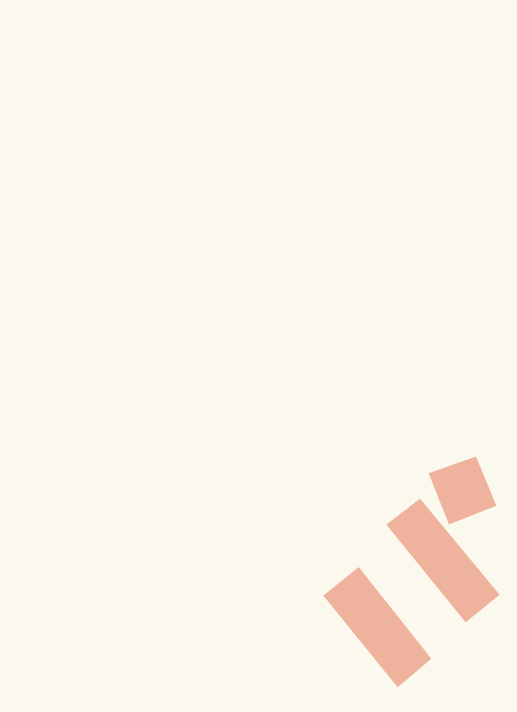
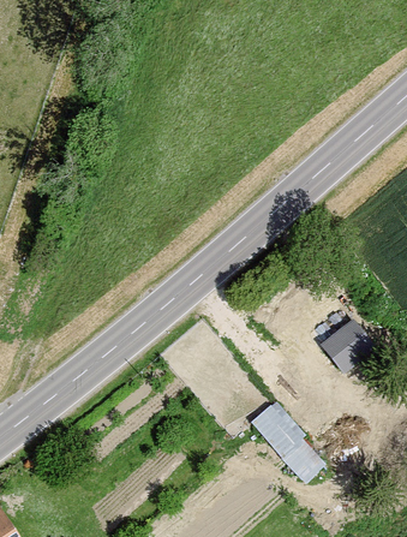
building: [385,498,501,623] -> none

